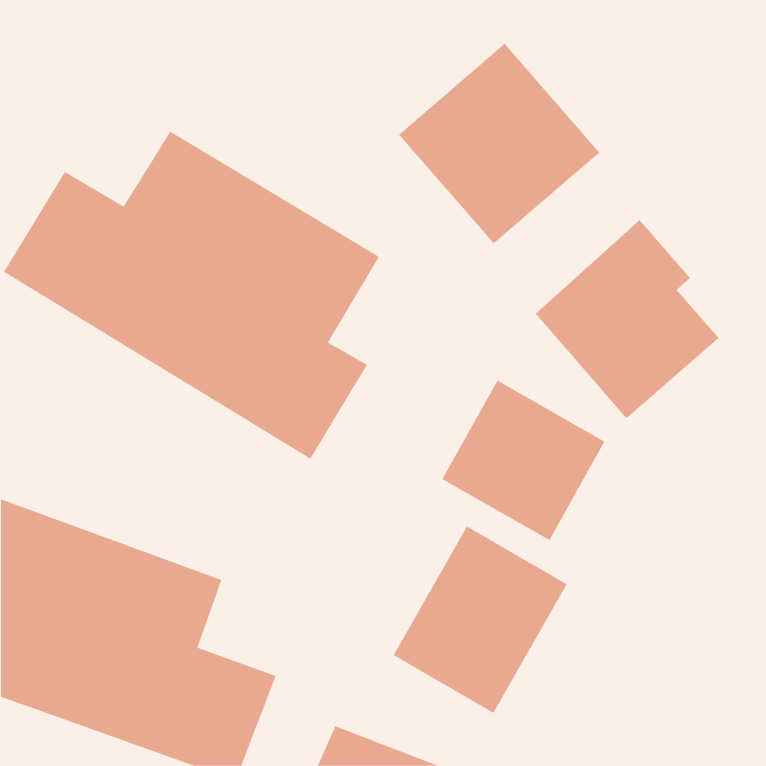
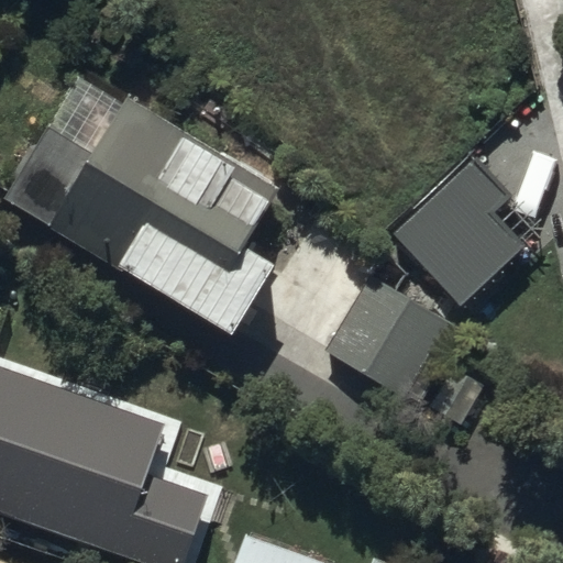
building: [398,43,600,244] -> none
building: [393,526,567,714] -> none

